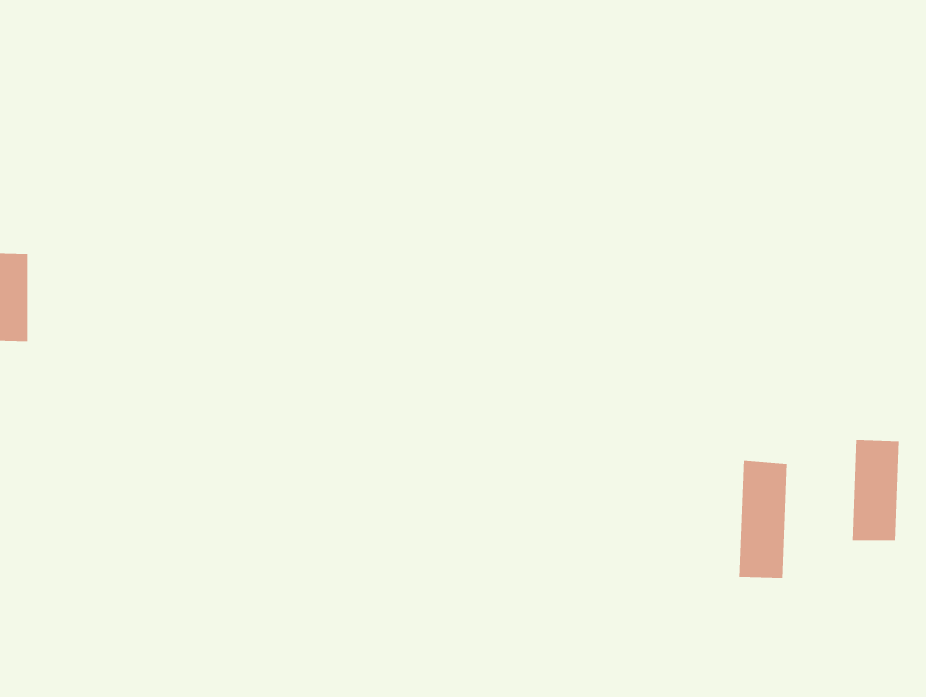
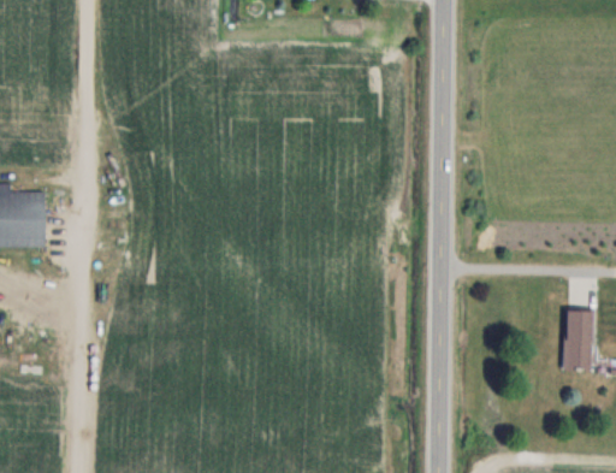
building: [739,460,787,579] -> none

